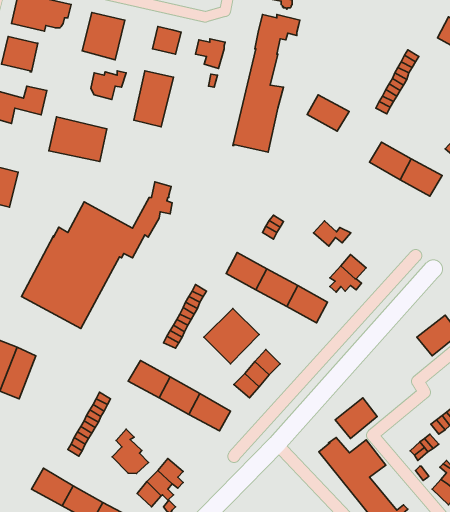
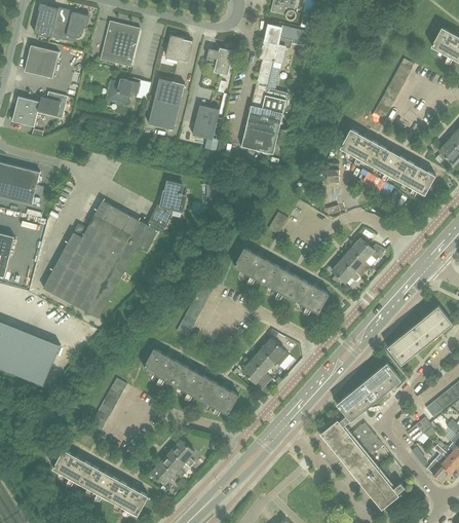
building: [307,95,349,131] -> [340,129,379,163]
building: none -> [192,106,219,140]
building: [49,117,107,161] -> none
building: [313,221,351,246] -> [350,238,385,262]
building: [204,308,259,364] -> none
building: none -> [386,327,426,365]
building: none -> [361,363,400,401]
building: [112,429,148,473] -> none

